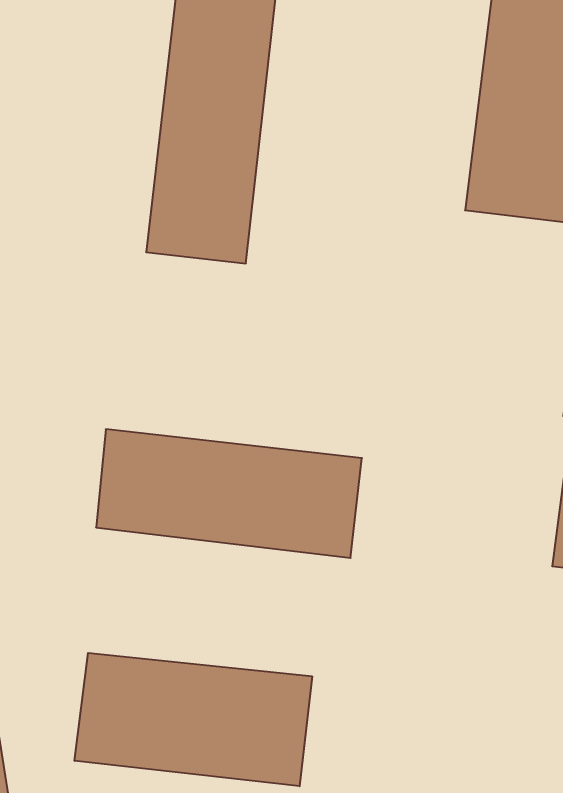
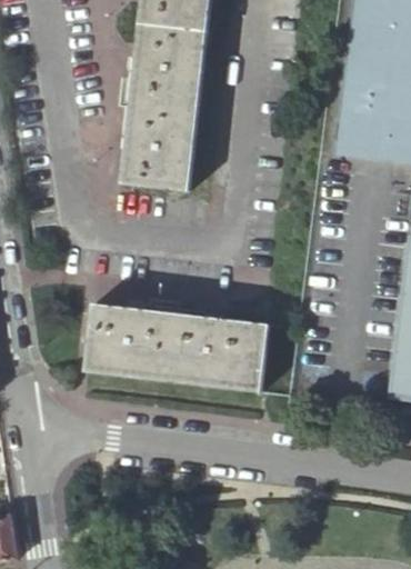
building: [75,653,312,786] -> none

